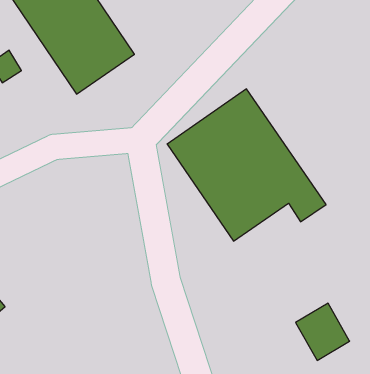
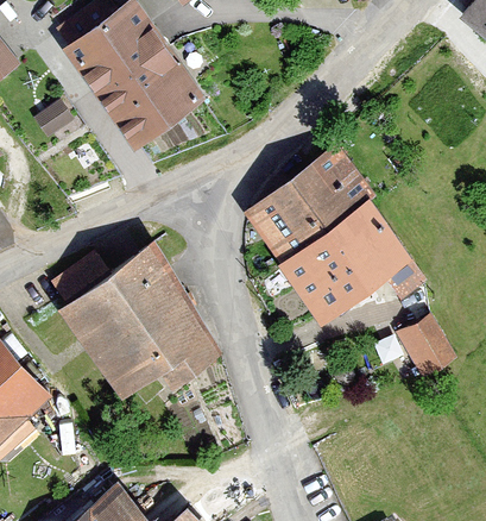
building: none -> [57,244,223,400]
building: [296,303,350,360] -> [393,312,456,378]

